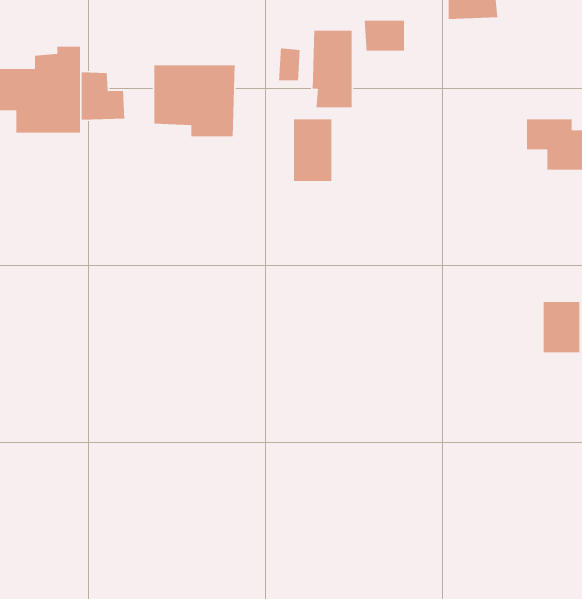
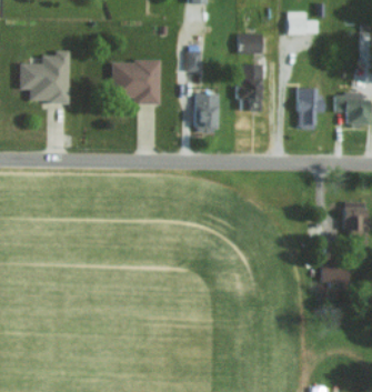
building: [312,30,353,108] -> [237,64,261,111]
building: [81,71,125,120] -> none
building: none -> [296,88,321,128]
building: none -> [320,261,348,283]

